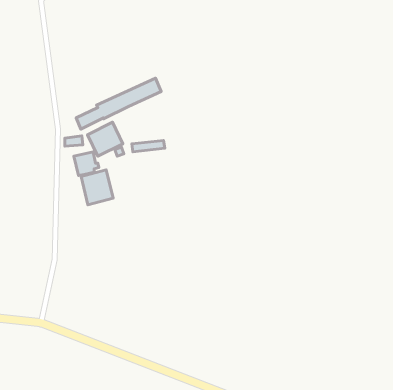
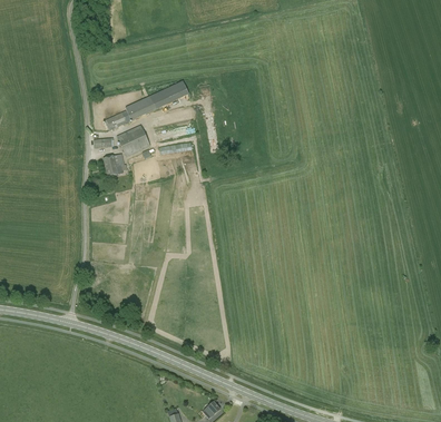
building: [81,170,113,205] -> none

